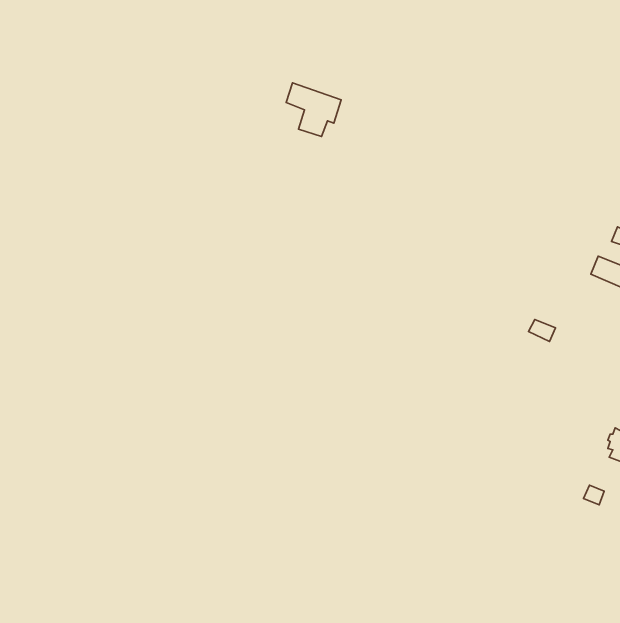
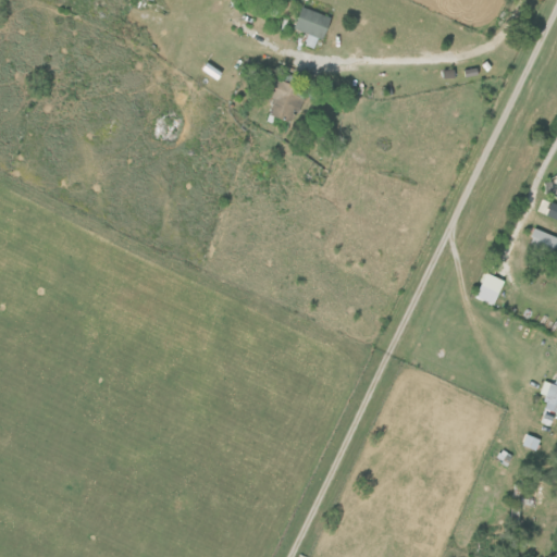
building: none -> [296,7,332,49]

